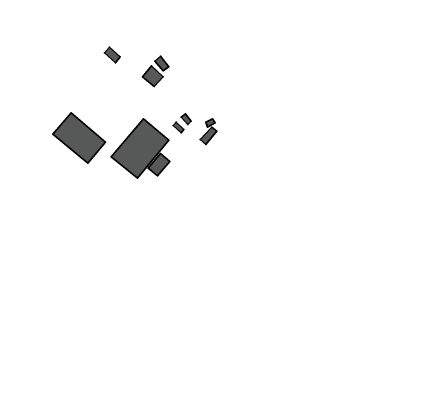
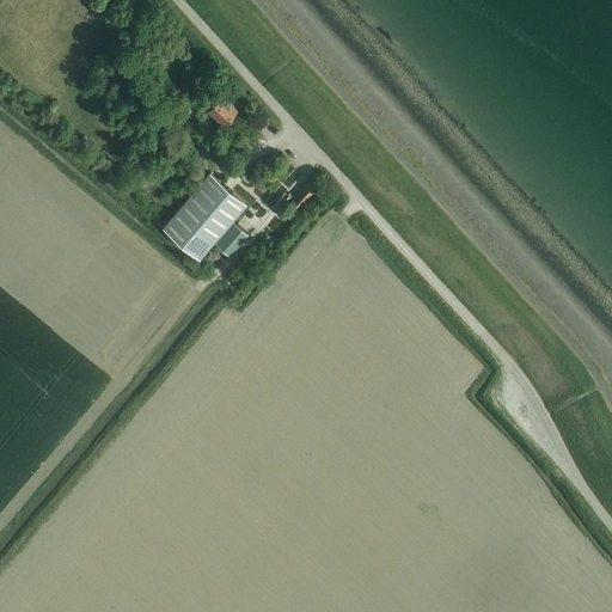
building: [53,113,106,163] -> none

